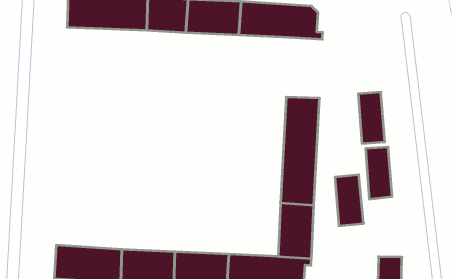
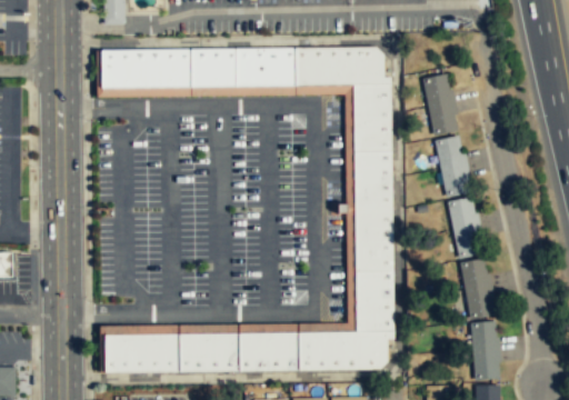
building: none -> [420,77,457,138]
building: none -> [353,83,392,151]
building: [335,175,364,226] -> [459,261,495,320]

